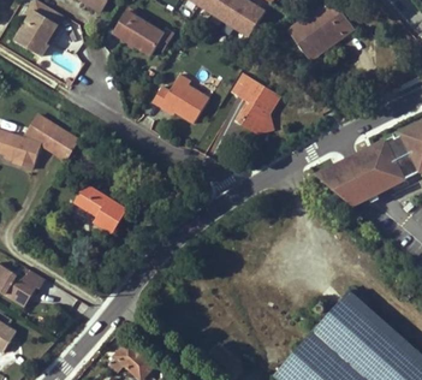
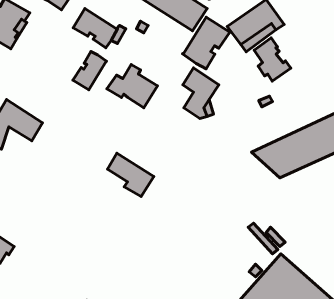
building: none -> [183,17,230,69]
building: none -> [254,38,291,81]
building: none -> [73,51,107,90]
building: [75,184,127,233] -> [107,153,154,196]

